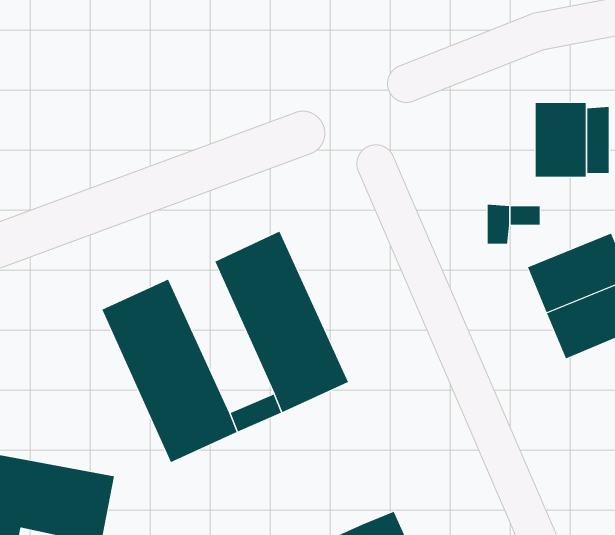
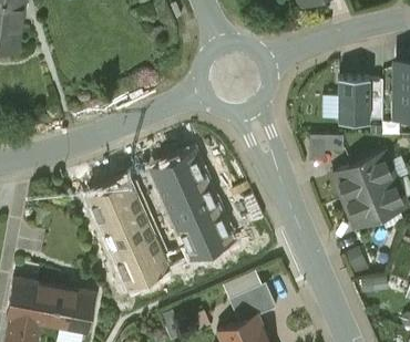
building: none -> [228,282,275,322]

